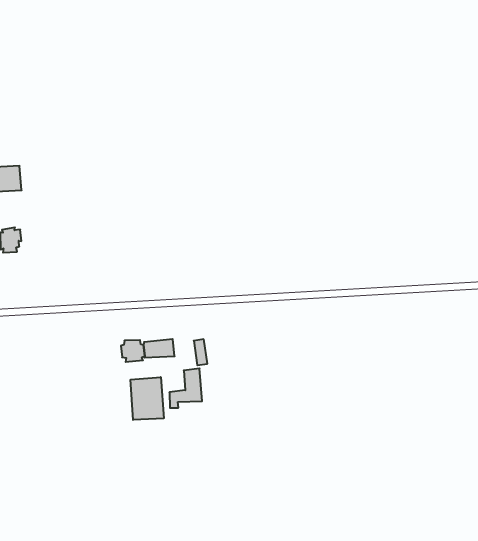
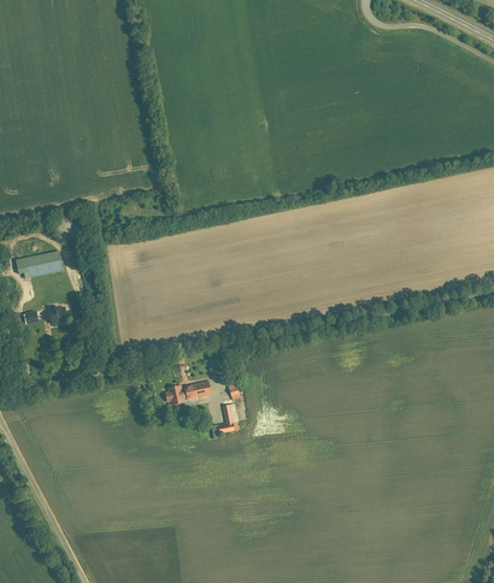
building: [131,377,164,420] -> none

